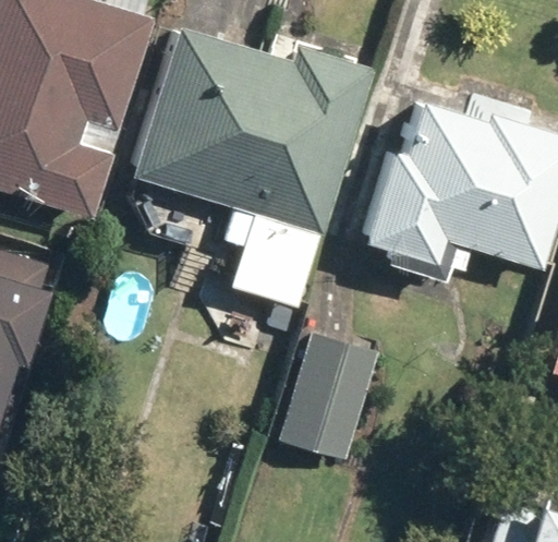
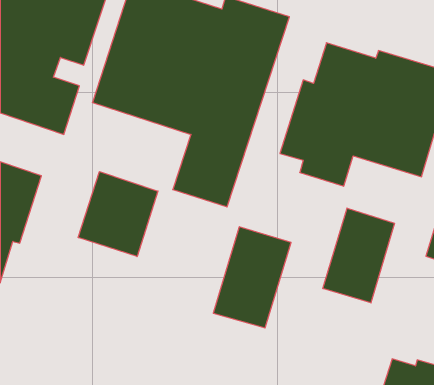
building: none -> [78,172,158,257]
building: none -> [323,208,395,303]

